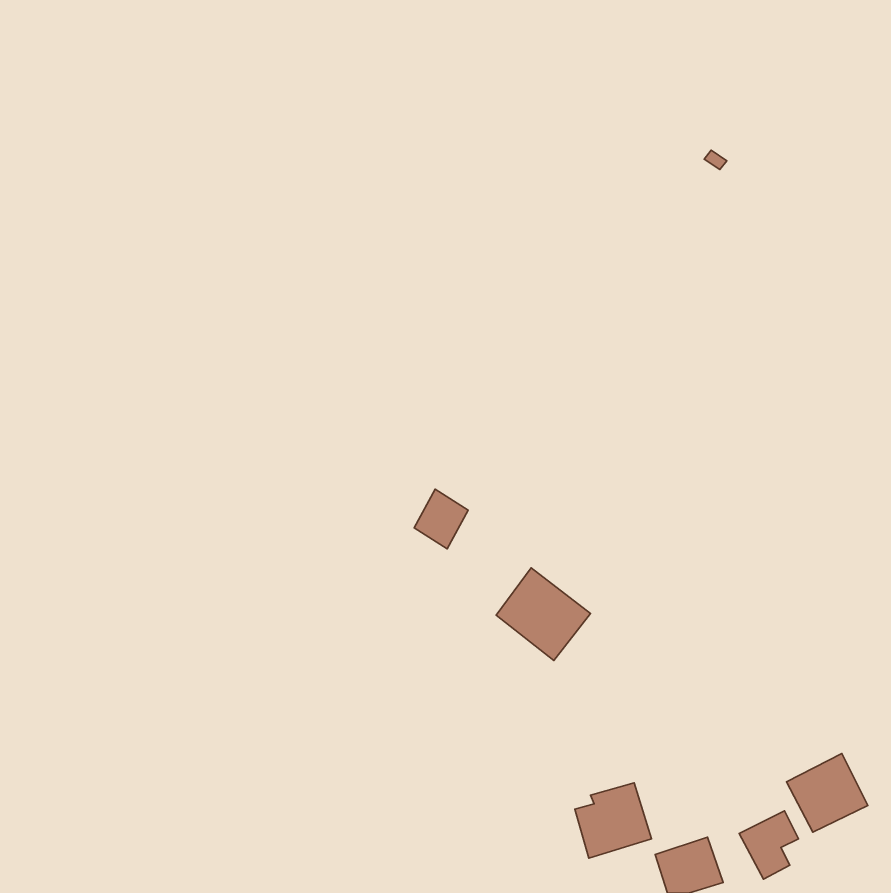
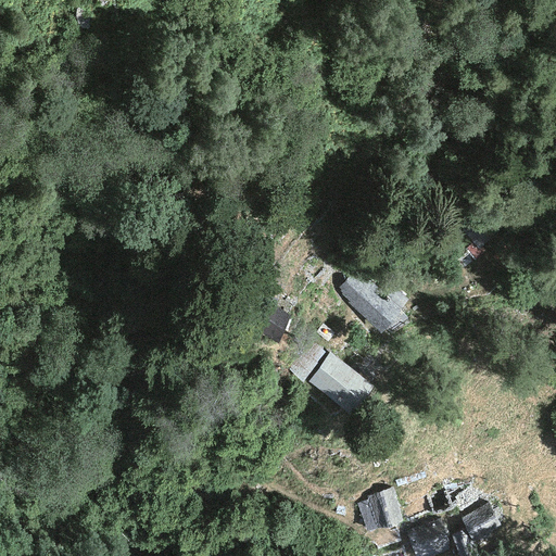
building: none -> [336,269,402,332]
building: [786,754,868,832] -> none

